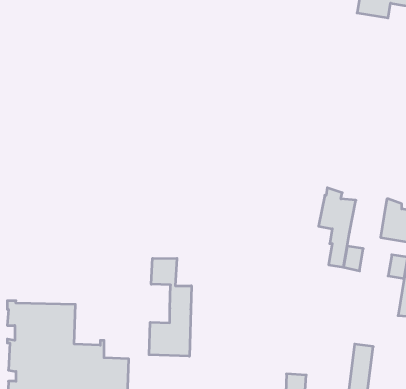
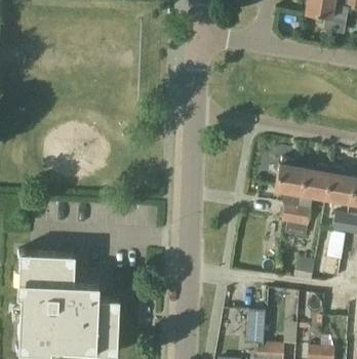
building: none -> [301,167,331,200]
building: [149,258,191,356] -> none

